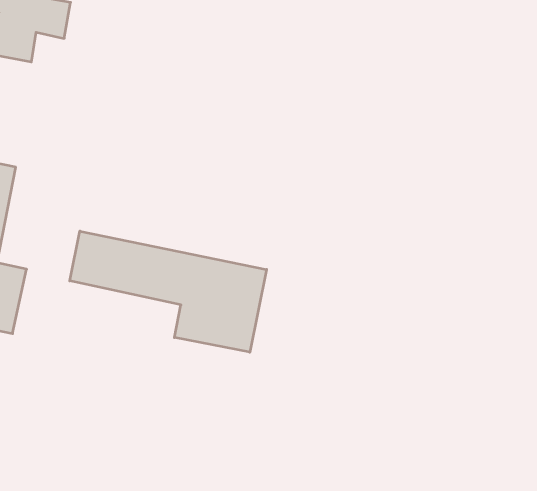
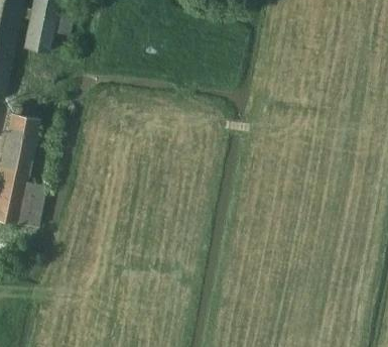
building: [70,231,267,352] -> none

